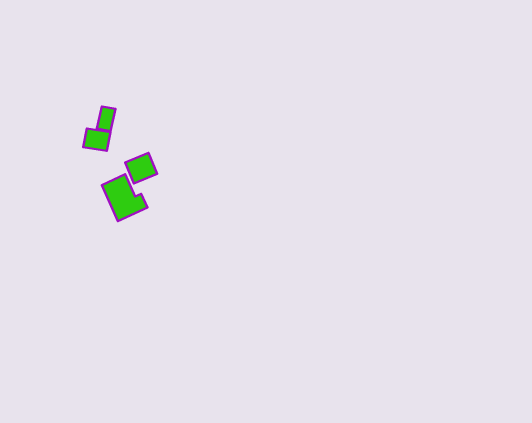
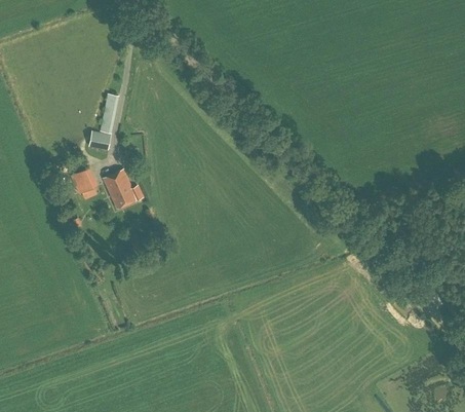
building: [125,153,157,184] -> [69,168,95,194]

